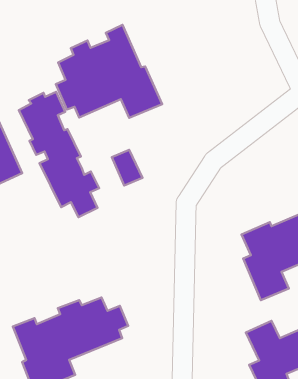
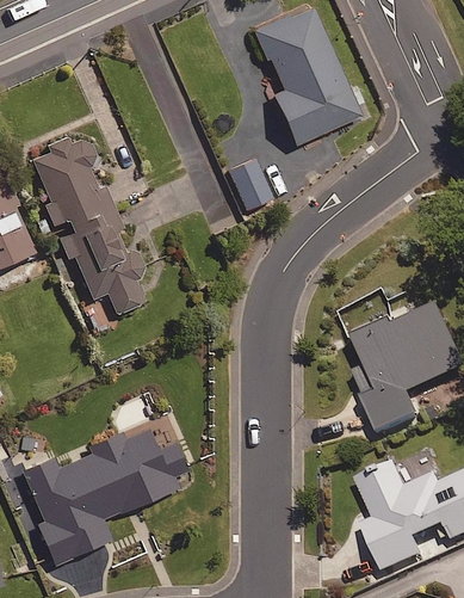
building: none -> [254,7,360,144]
building: [56,25,162,118] -> none
building: [112,150,143,185] -> [227,159,271,210]

